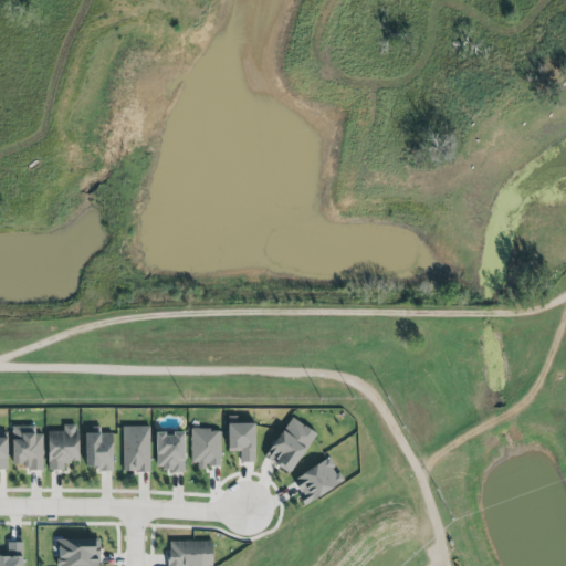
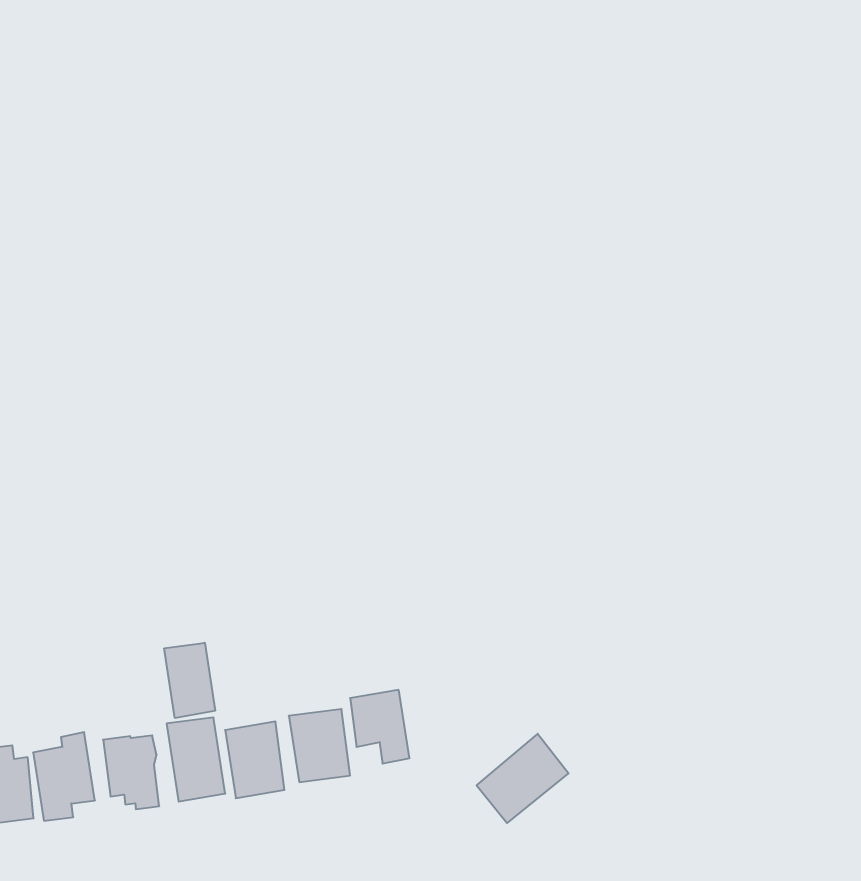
building: none -> [164,643,215,718]
building: [265,418,316,474] -> none

